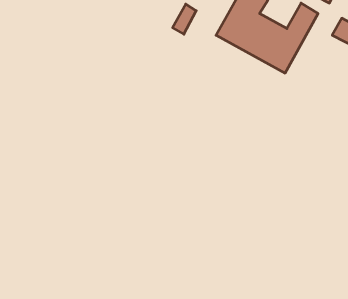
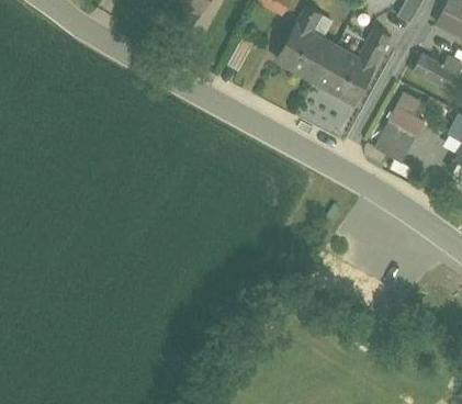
building: none -> [373,82,424,155]

